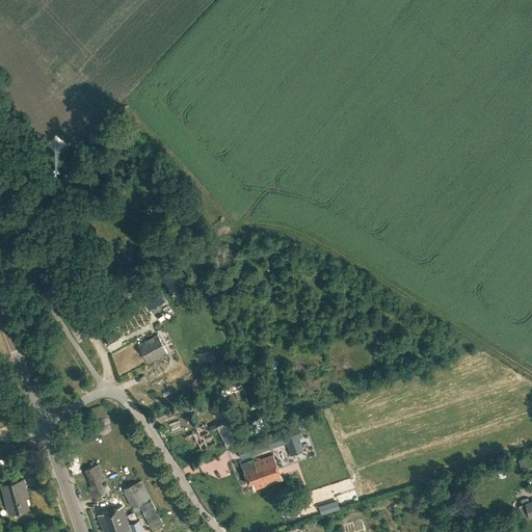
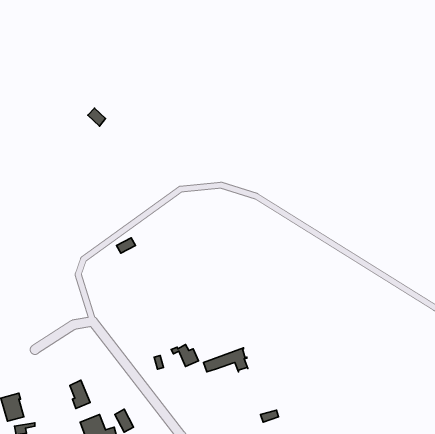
building: [138,337,166,365] -> none
building: [241,456,283,491] -> none
building: [123,482,152,509] -> none

